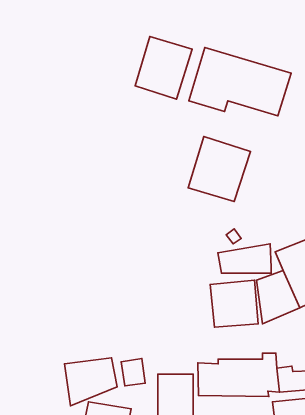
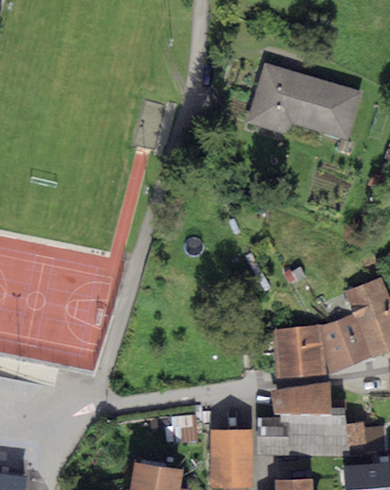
building: [135,36,192,99] -> none
building: [188,136,250,202] -> none
building: [218,244,271,273] -> [270,381,330,414]
building: [64,358,117,406] -> none

